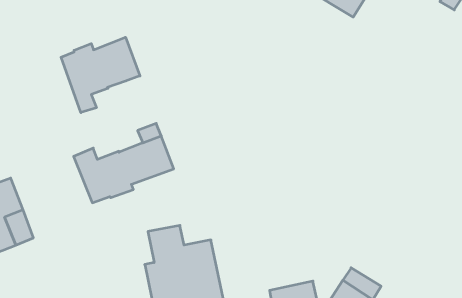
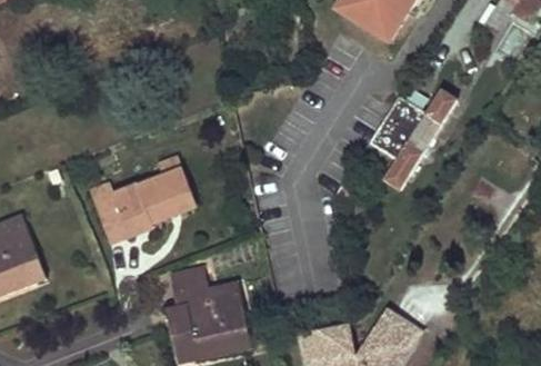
building: [61,37,140,113] -> none
building: none -> [370,90,457,189]

